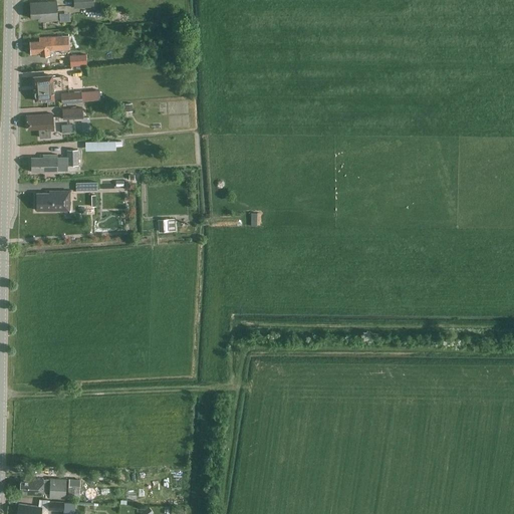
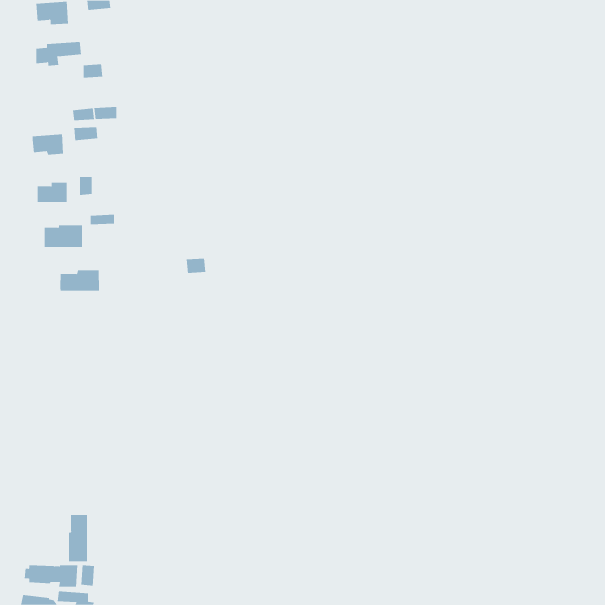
building: [34,75,54,101] -> none
building: none -> [60,269,99,291]
building: none -> [69,514,88,562]

